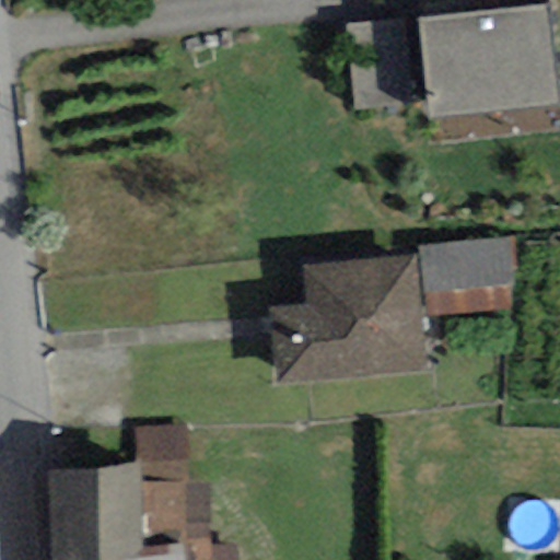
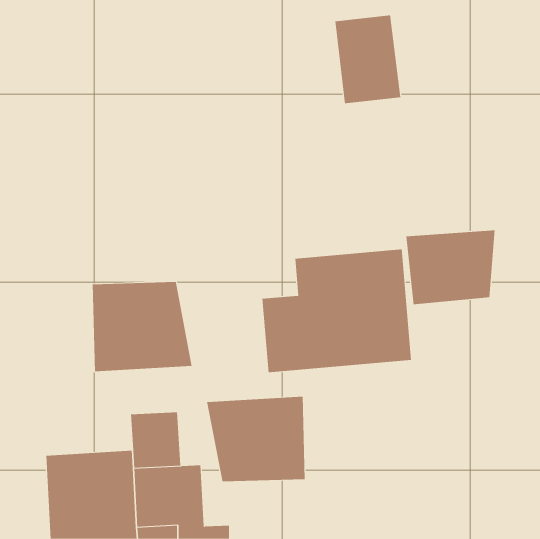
building: [419,5,552,117] -> none
building: none -> [92,281,192,372]
building: none -> [207,396,305,482]

